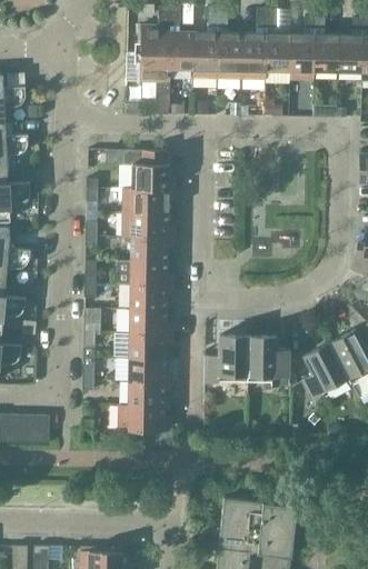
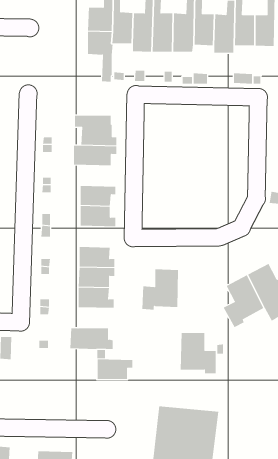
building: [121,212,175,238] -> none
building: [129,284,173,310] -> none
building: [247,337,290,386] -> [180,333,216,374]
building: [128,381,171,406] -> [97,359,133,380]

